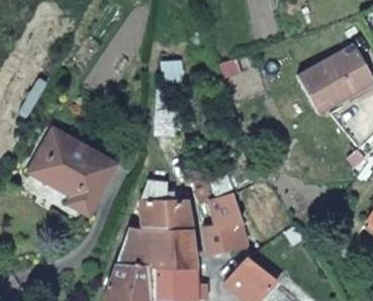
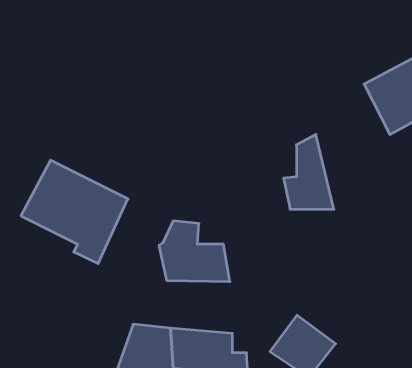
building: [204,190,244,248] -> [284,134,334,209]
building: [117,227,195,269] -> none

